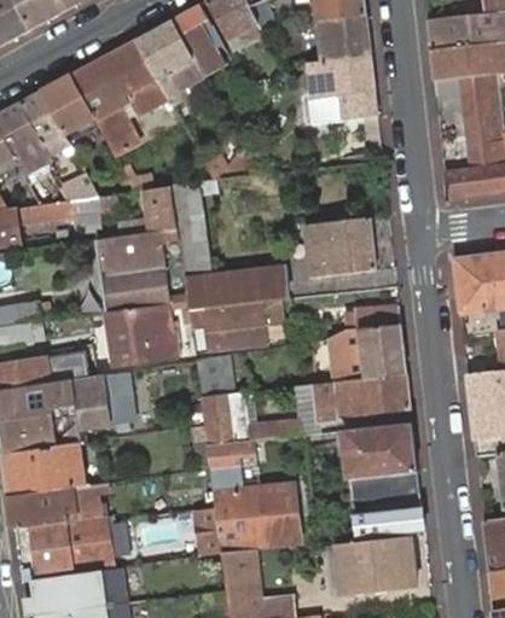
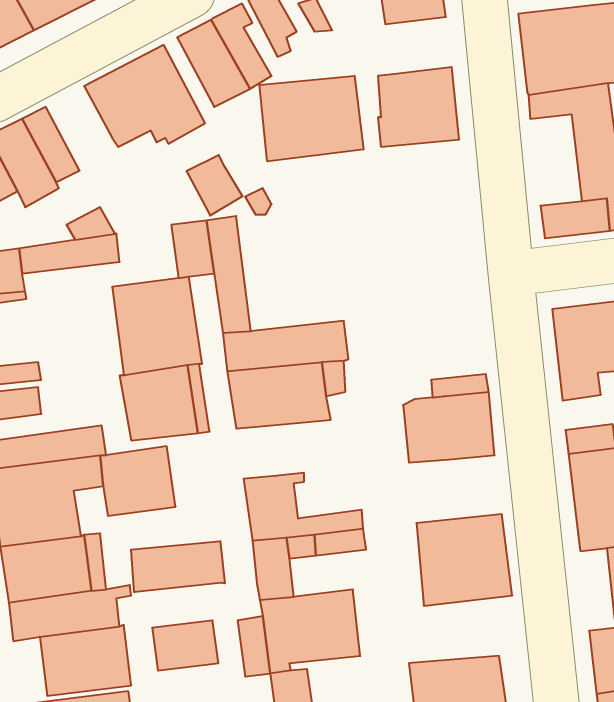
building: [317,18,371,65] -> none
building: none -> [259,76,363,161]
building: [39,75,93,144] -> none
building: [98,111,144,161] -> [186,155,243,216]
building: [304,220,371,276] -> none
building: [195,352,227,396] -> none
building: [294,377,411,421] -> none
building: none -> [131,541,225,592]
building: [350,508,424,540] -> none

